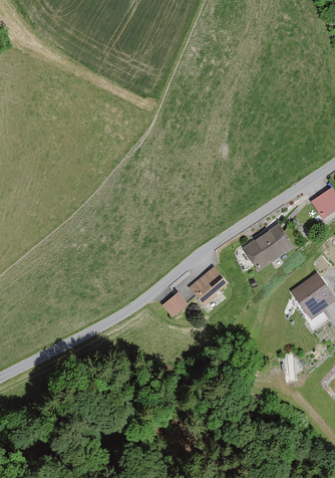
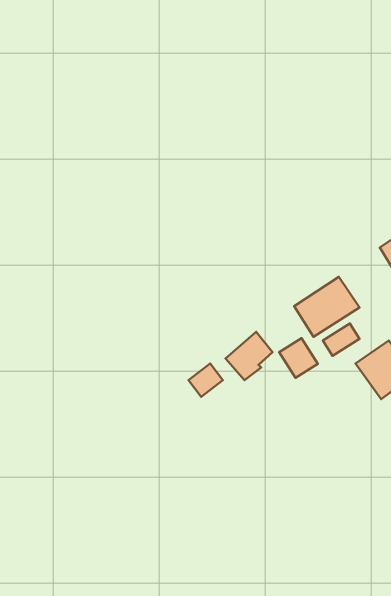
building: none -> [323,323,360,356]
building: none -> [279,338,318,378]

